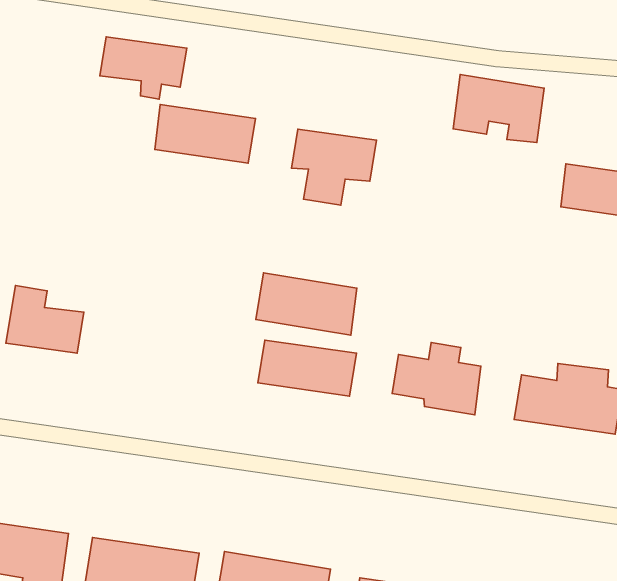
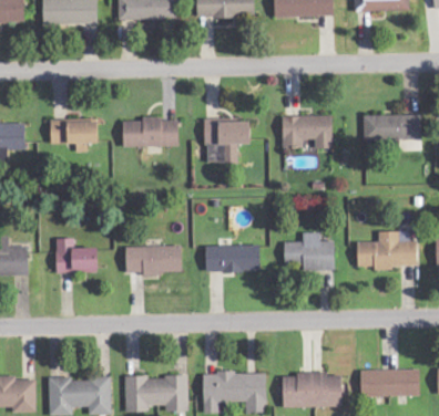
building: [100,37,187,99] -> [50,119,98,152]
building: [453,74,544,143] -> [282,115,333,148]
building: [256,273,357,335] -> [125,246,182,273]

